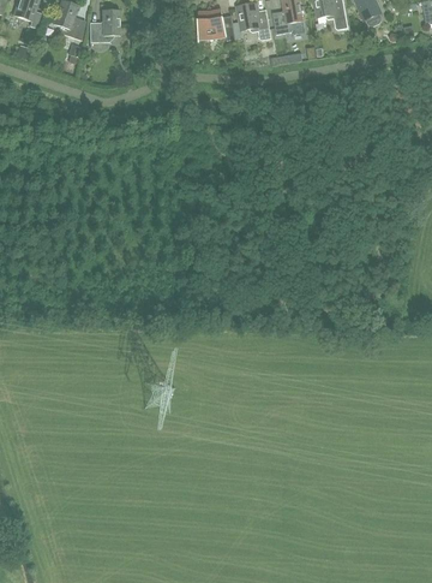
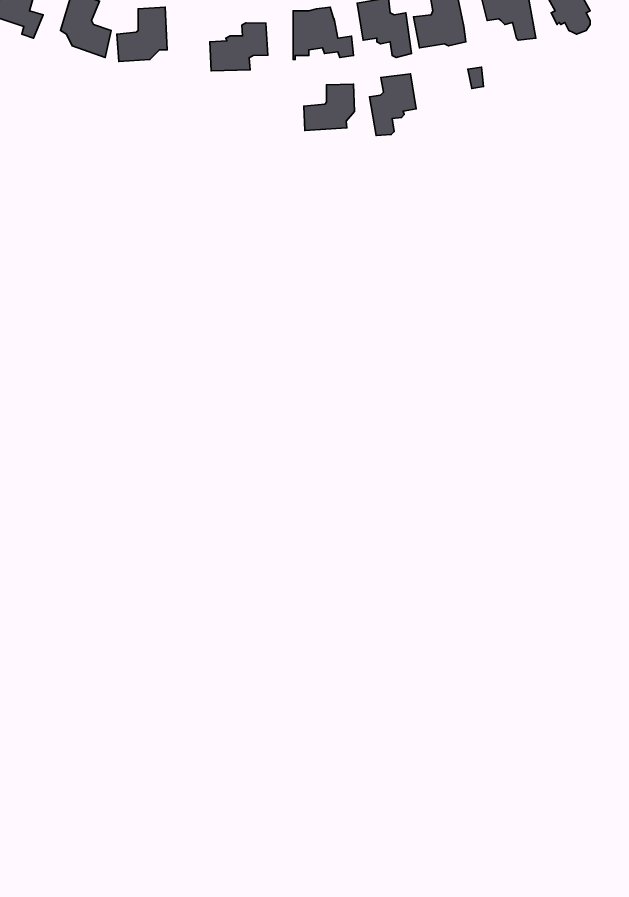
building: none -> [210,23,268,71]
building: none -> [369,74,416,135]
building: none -> [304,84,355,130]

